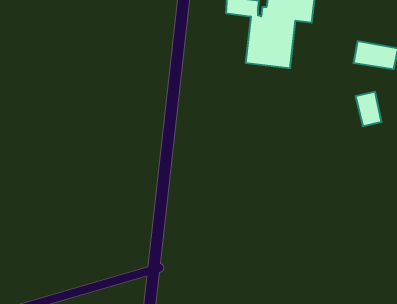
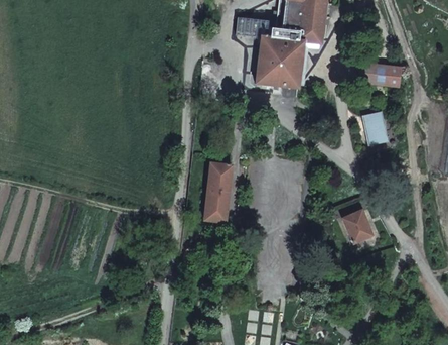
building: none -> [204,162,232,221]
building: none -> [343,210,372,242]

